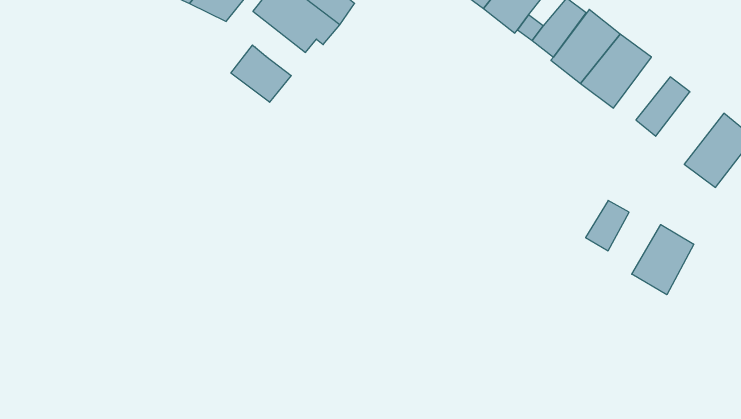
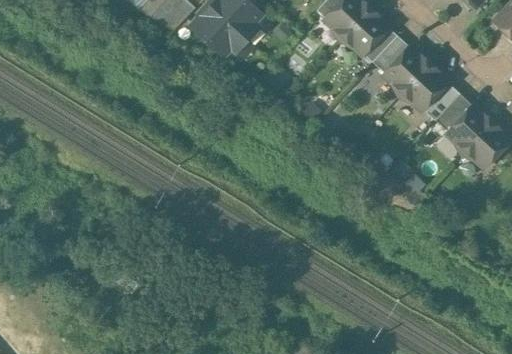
building: [231,45,291,102] -> none
building: none -> [444,102,492,151]
building: [632,225,694,295] -> none

